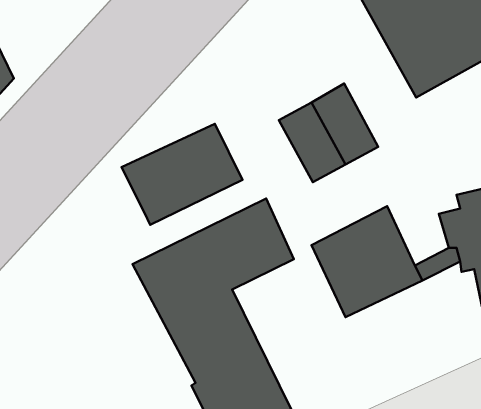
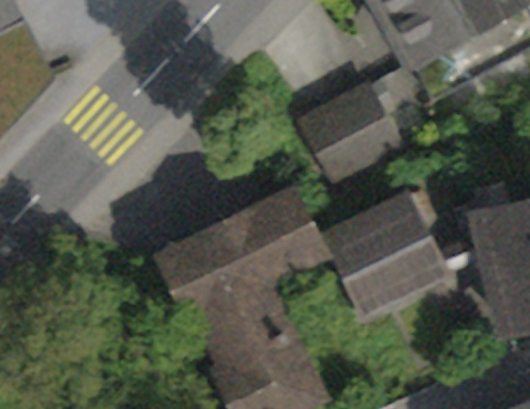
building: [122,124,242,225] -> none

